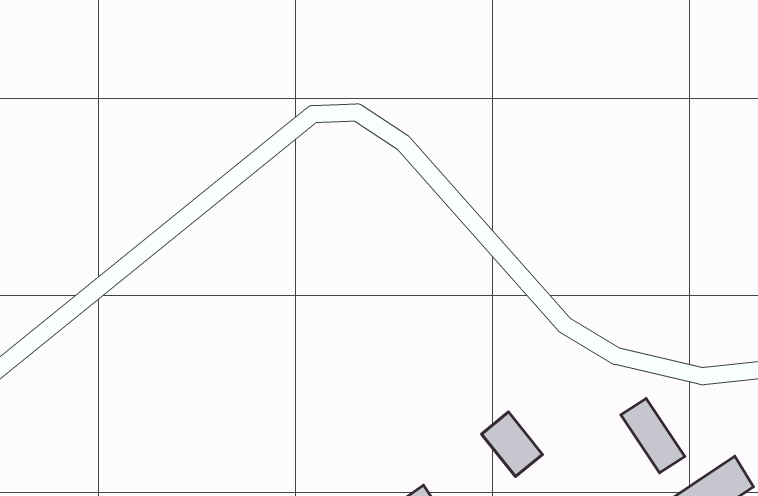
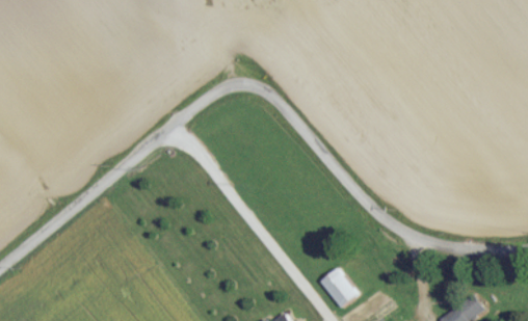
building: [621,398,685,473] -> none

